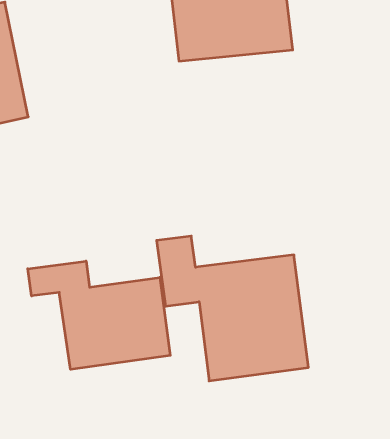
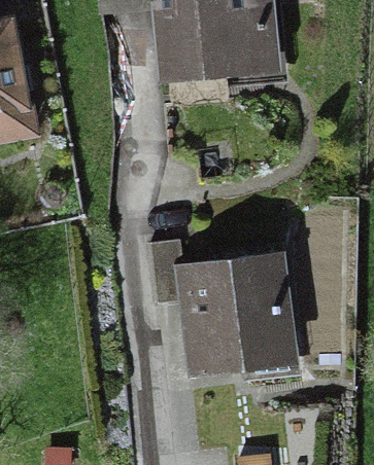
building: [28,261,170,369] -> none

